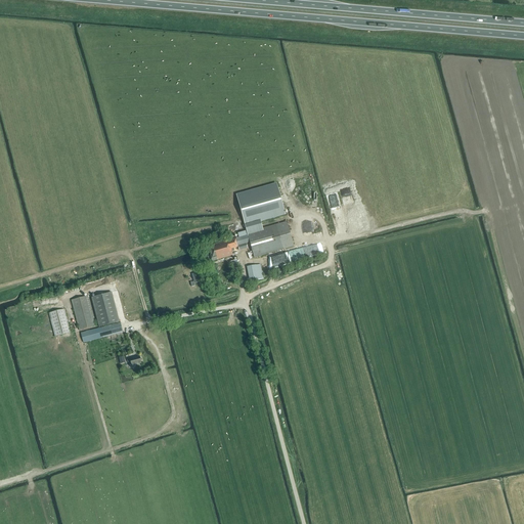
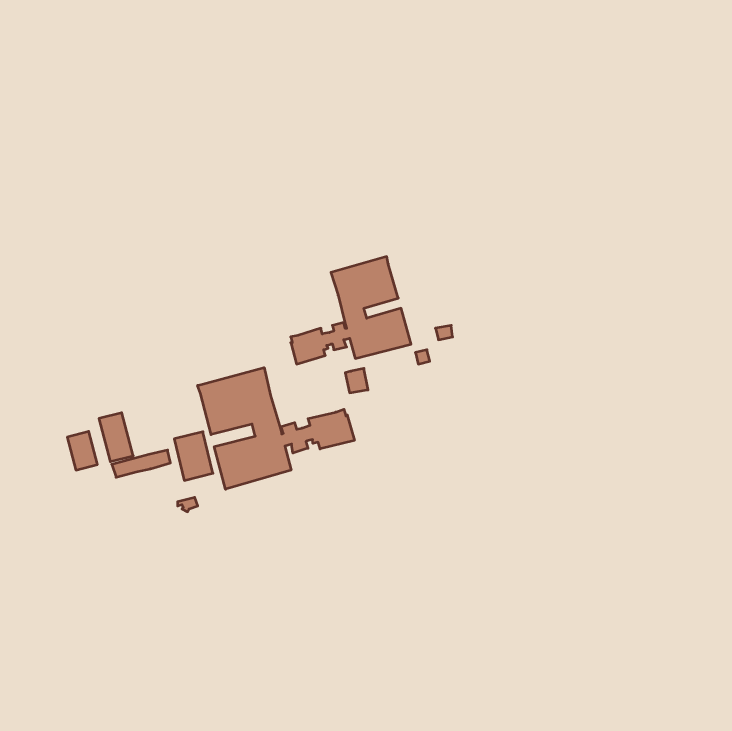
building: none -> [198,368,354,489]
building: [91,292,119,326] -> [174,432,213,480]

